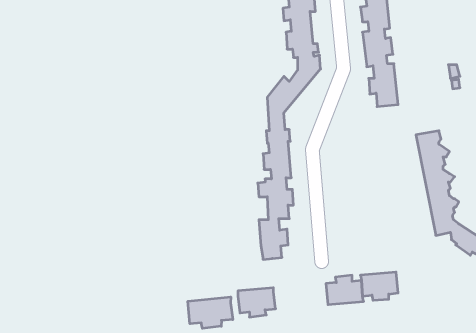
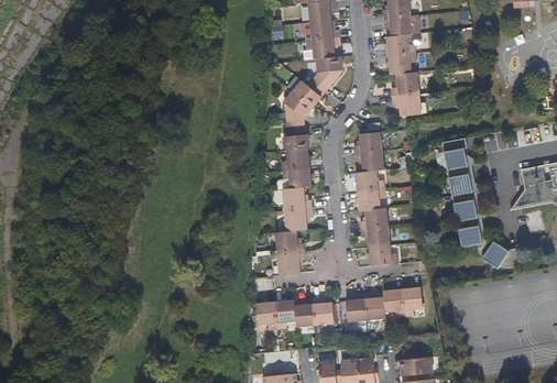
building: none -> [354,135,398,265]
building: none -> [291,299,330,330]
building: [188,297,233,328] -> none

